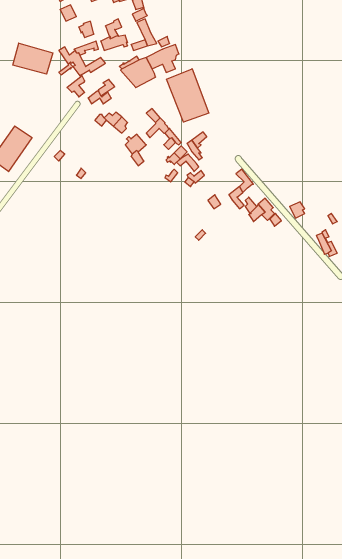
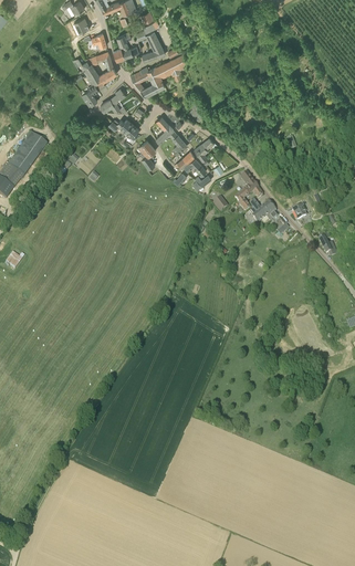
building: [13,43,53,74] -> none
building: [166,69,209,122] -> none

